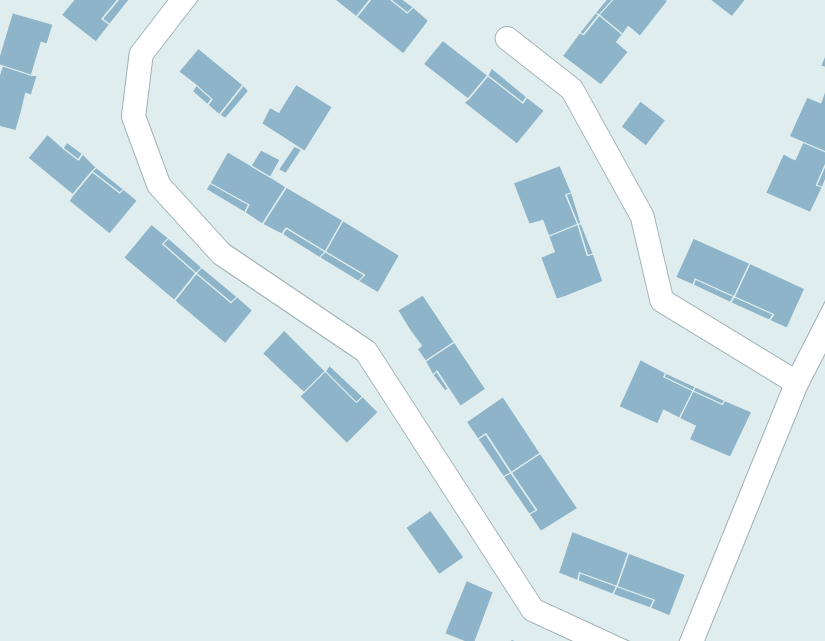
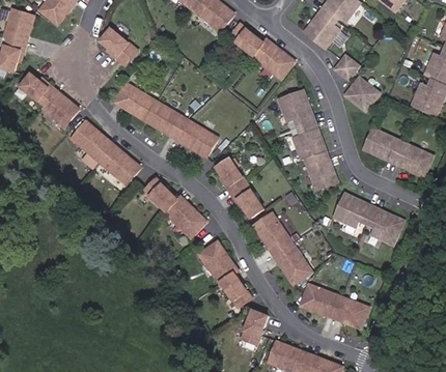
building: [261,84,332,152] -> none
building: none -> [346,77,380,111]
building: none -> [305,151,337,189]
building: none -> [199,241,234,284]

